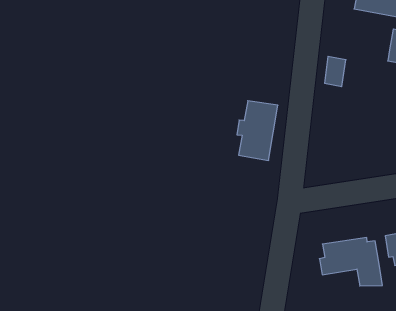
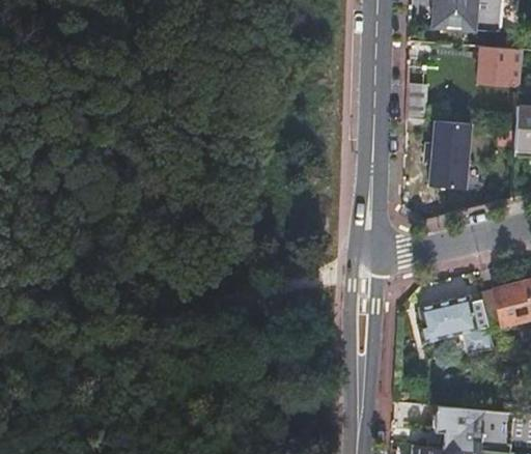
building: [237,101,278,160] -> [424,120,470,189]

